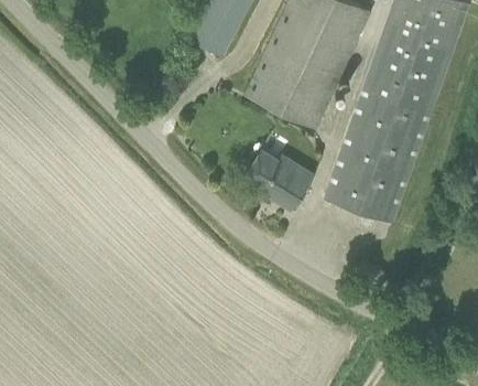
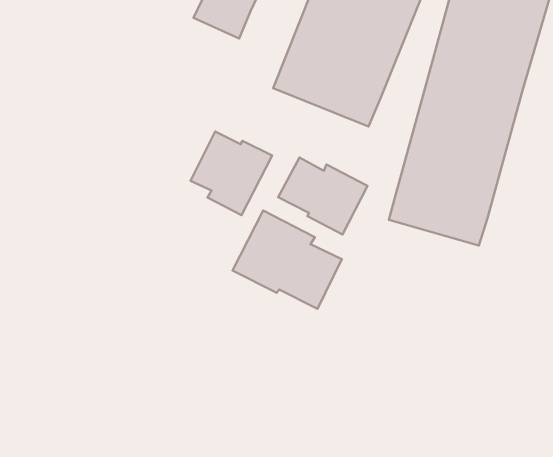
building: none -> [191,131,272,215]
building: none -> [233,211,342,309]

